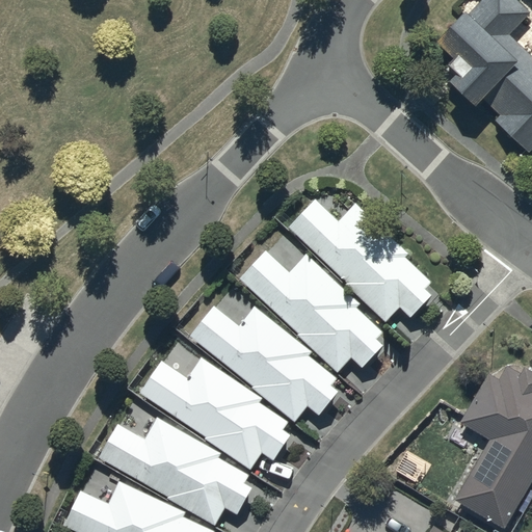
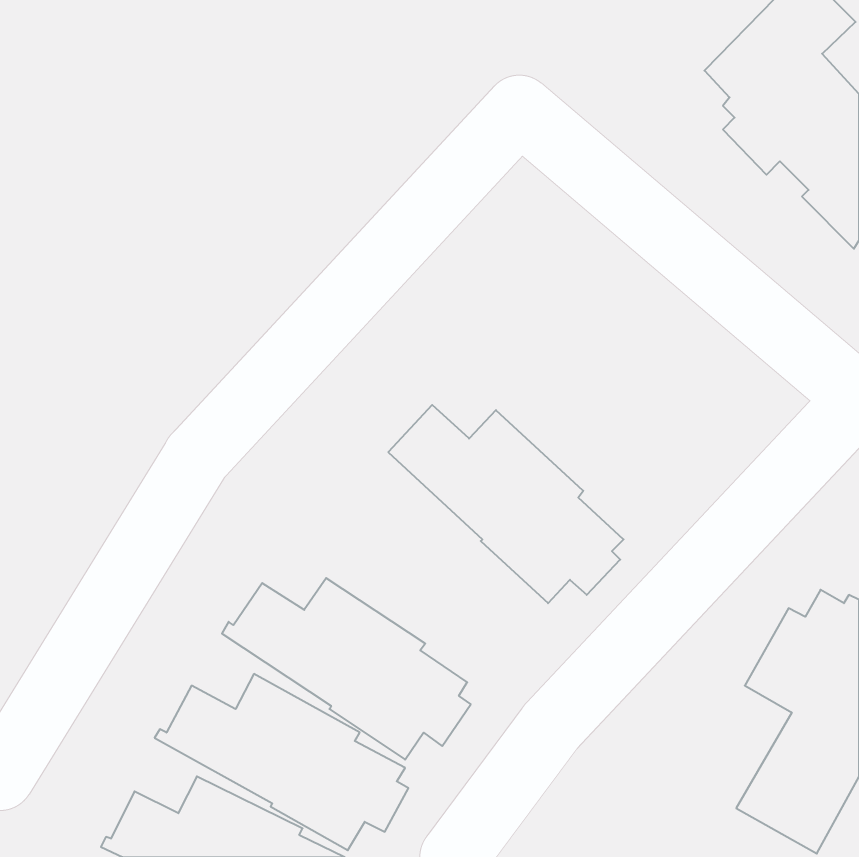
building: [289,200,433,323] -> none
building: [191,305,339,422] -> none

